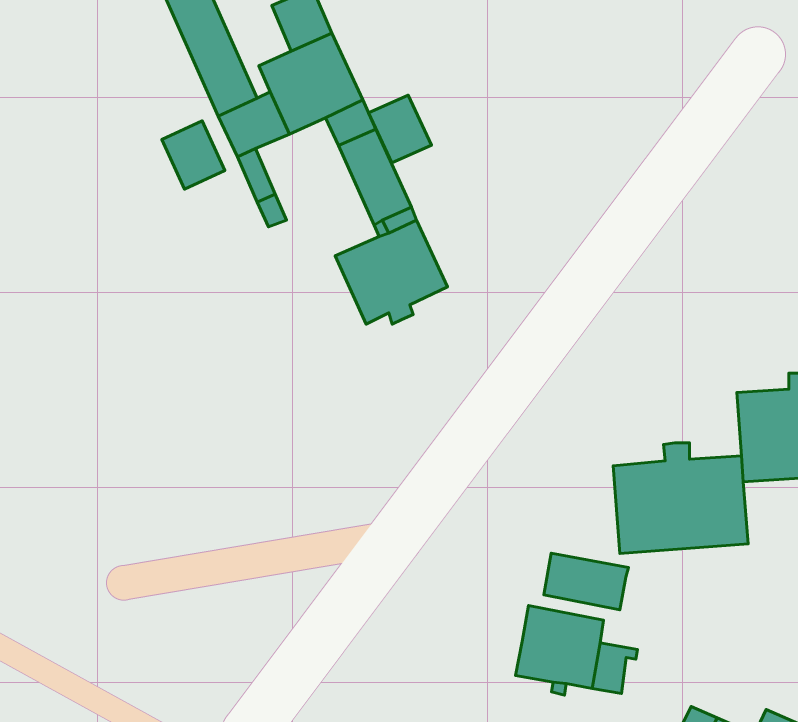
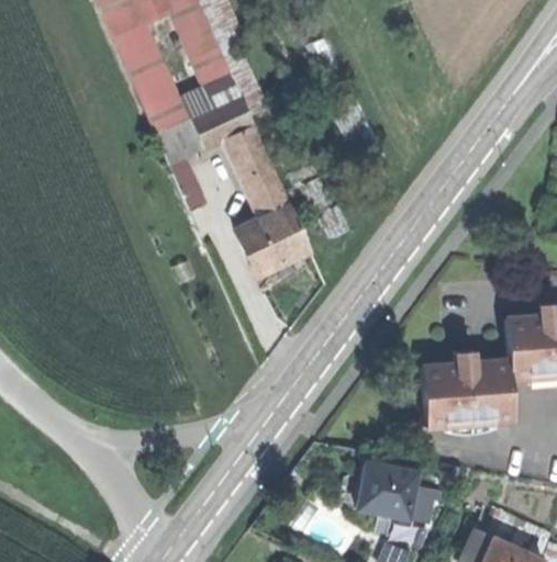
building: [369,95,431,163] -> none
building: [162,121,225,189] -> none
building: [544,553,629,610] -> none

